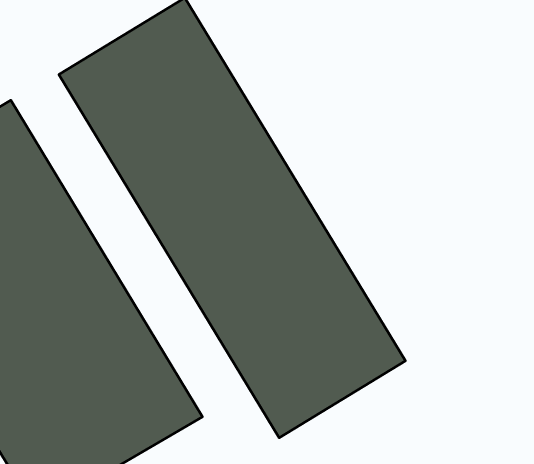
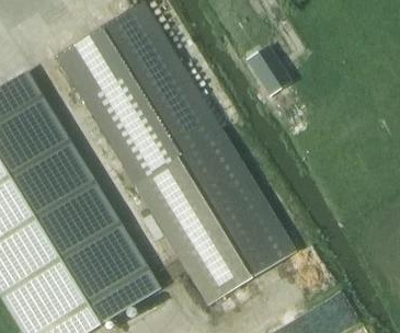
building: none -> [248,43,288,89]

